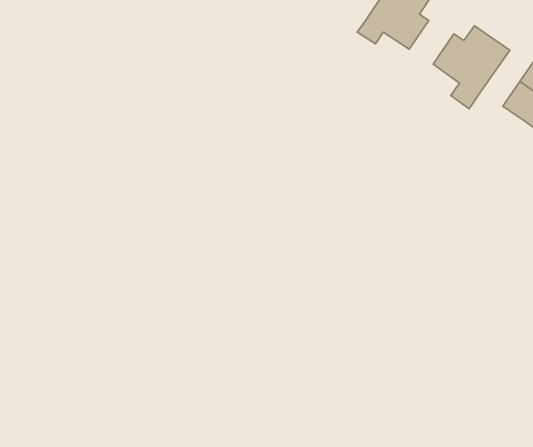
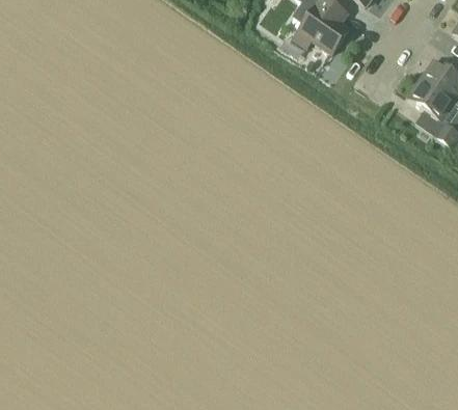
building: [433,26,510,109] -> none

